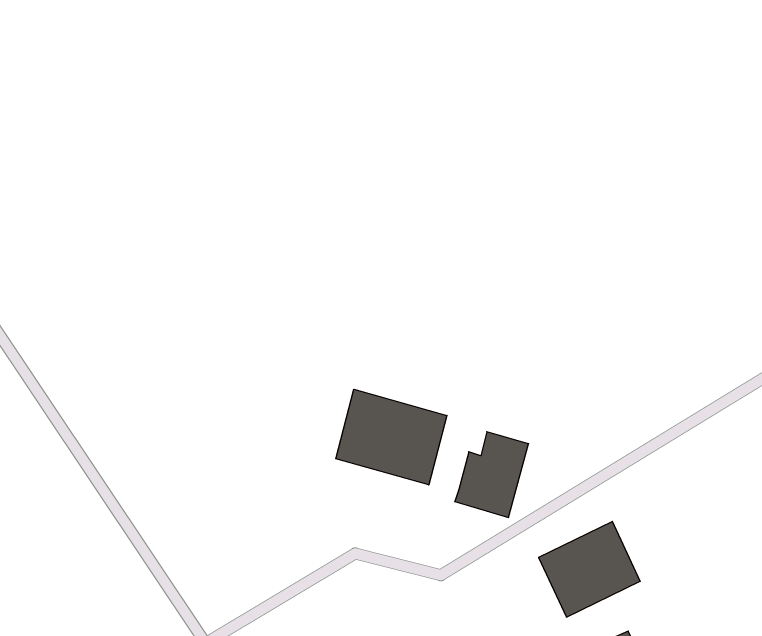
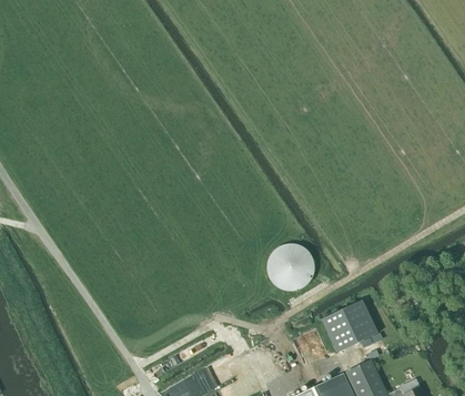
building: [336,389,447,485] -> none

